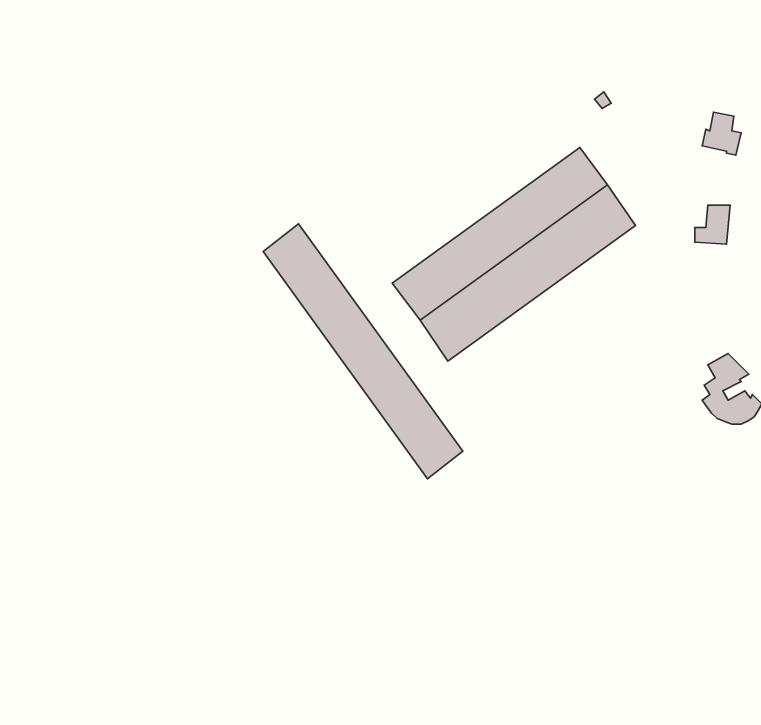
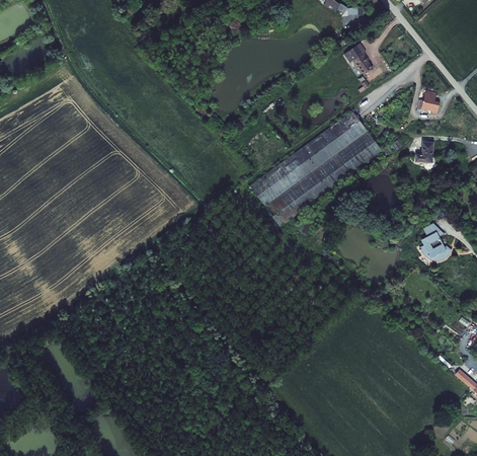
building: none -> [343,44,373,75]
building: [263,224,463,479] -> none

